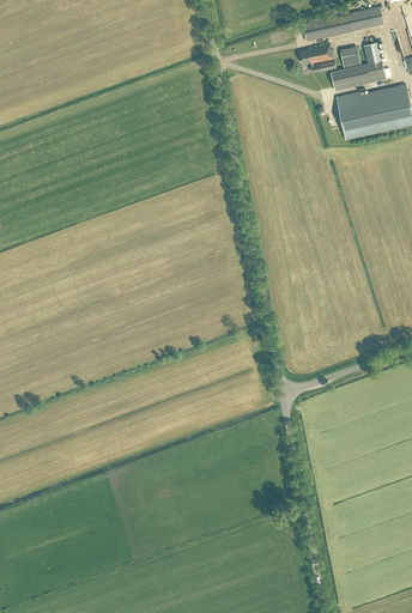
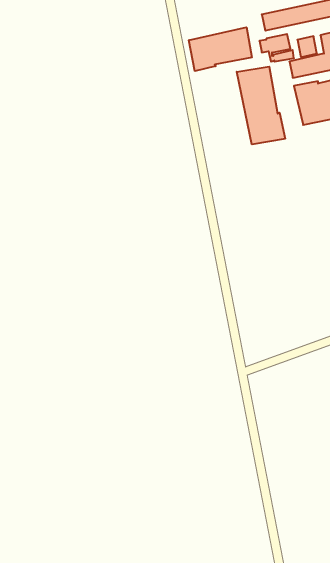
building: none -> [189,27,252,71]
building: none -> [237,67,285,144]

